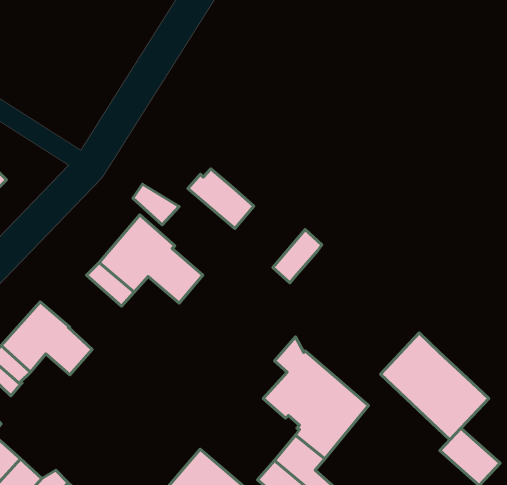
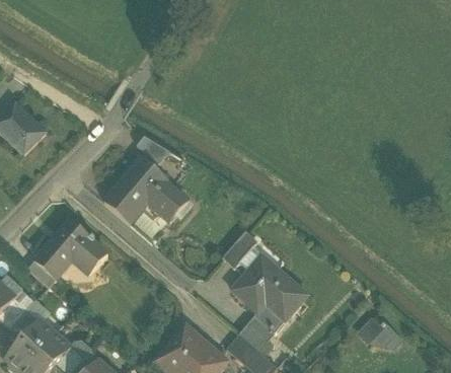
building: [188,169,254,229] -> none
building: [273,229,322,283] -> [222,229,257,268]
building: [380,333,489,440] -> none

